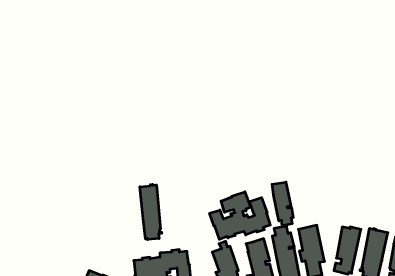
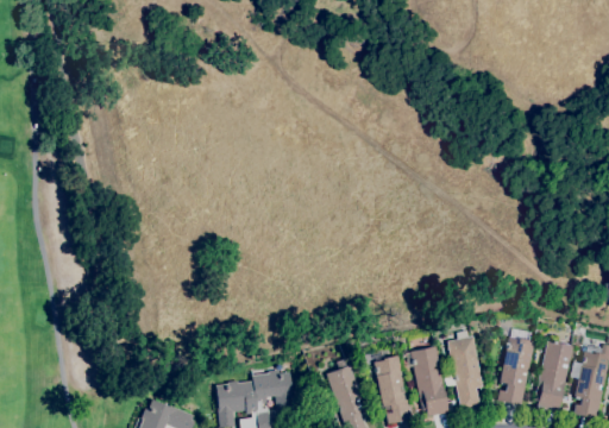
building: [272,182,293,226] -> none
building: [140,184,162,240] -> none
building: [210,192,270,239] -> none

